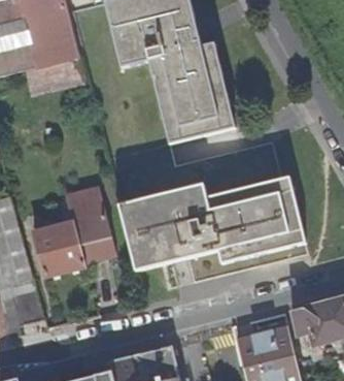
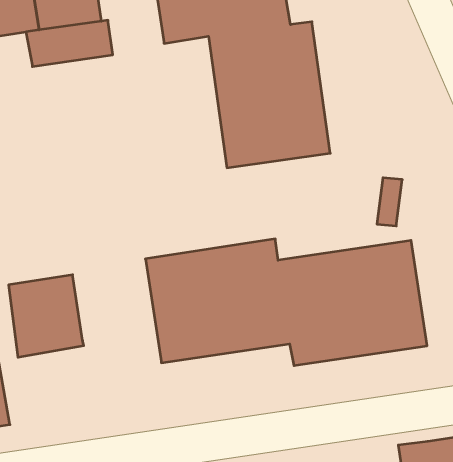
building: [68,187,115,261] -> none

